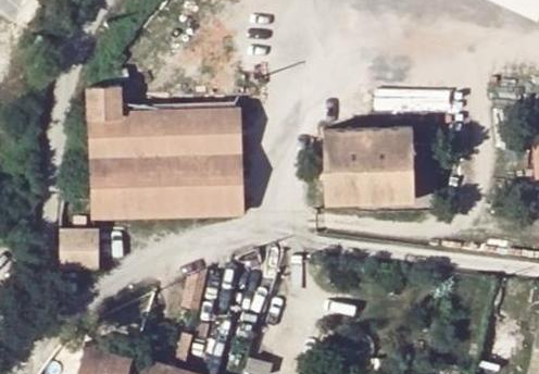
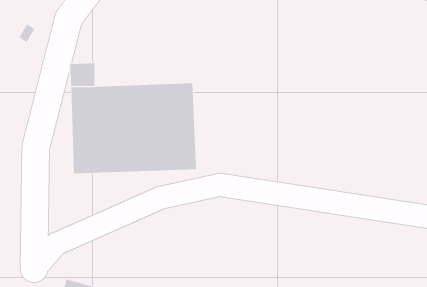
building: [325,128,414,203] -> none
building: [61,228,98,271] -> none

